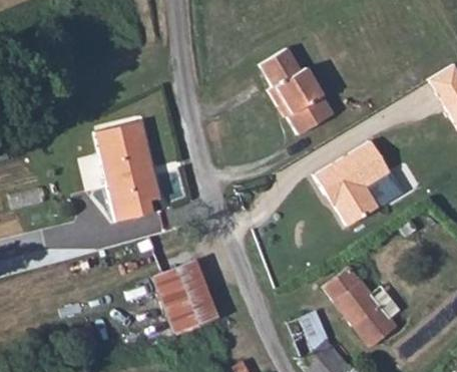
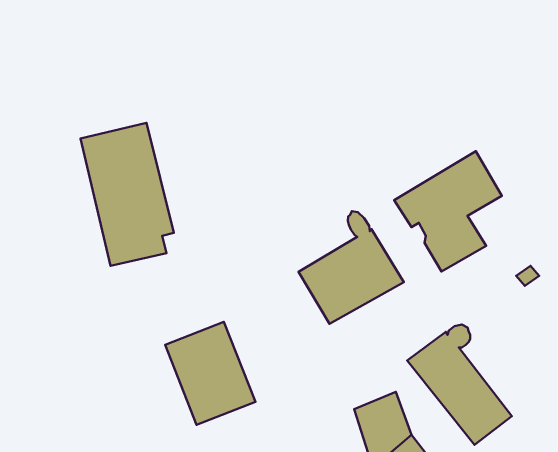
building: [261,48,334,134] -> none
building: none -> [298,211,404,324]

